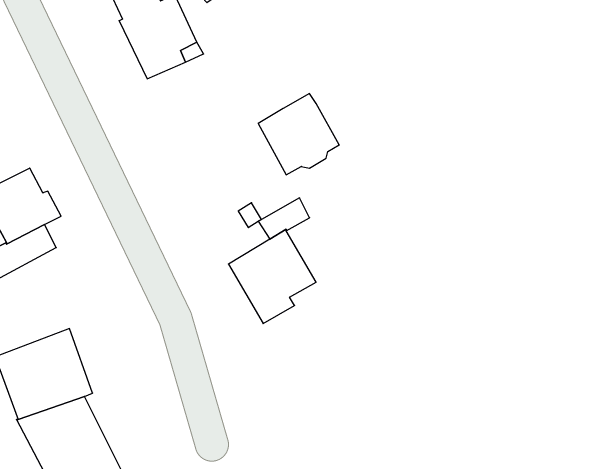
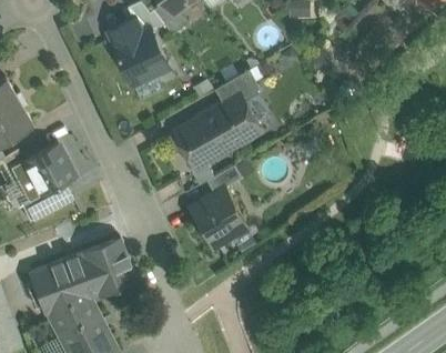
building: none -> [215,70,263,105]
building: none -> [176,115,226,168]
building: none -> [81,239,136,296]

